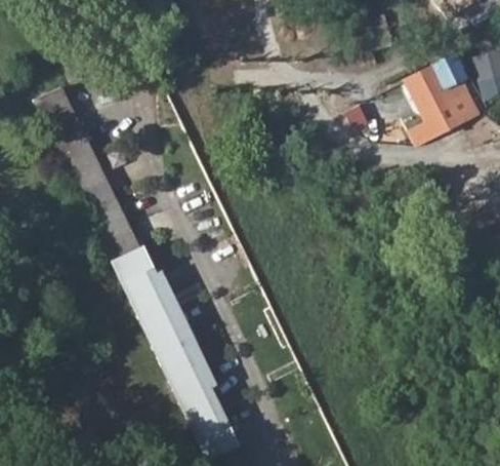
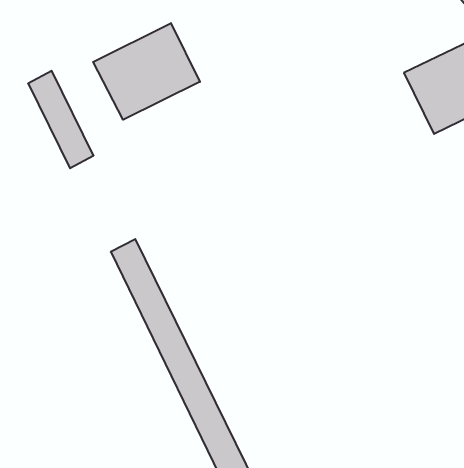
building: none -> [93,23,200,120]
building: [75,162,137,255] -> none

